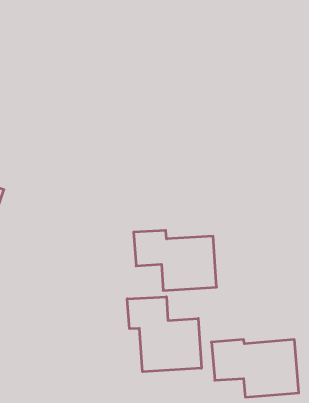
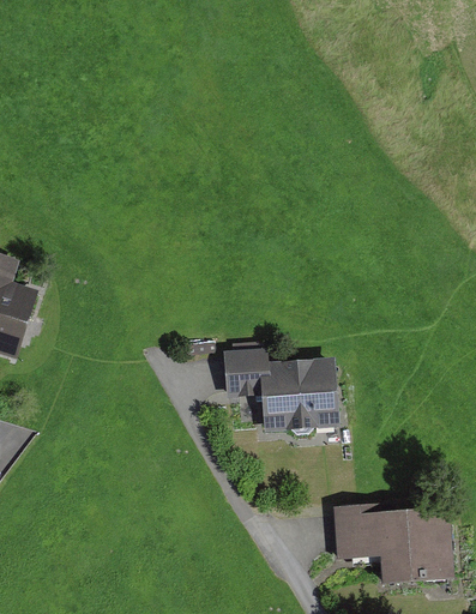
building: [127,297,201,372] -> none

